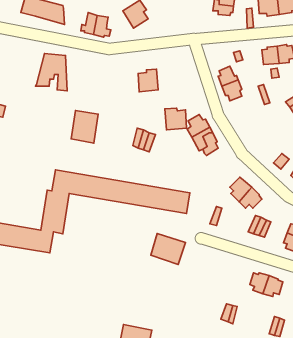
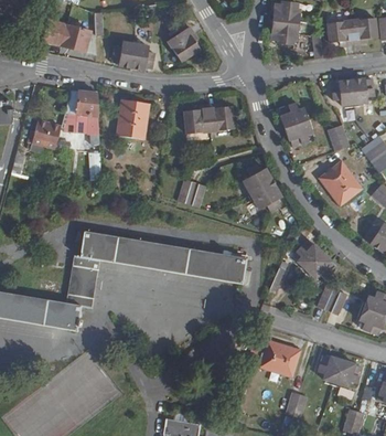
building: none -> [30,119,60,149]
building: [165,108,187,130] -> [205,106,232,132]
building: [71,110,98,143] -> [116,98,149,138]
building: none -> [317,158,362,204]
building: [151,233,185,264] -> [258,341,300,379]

